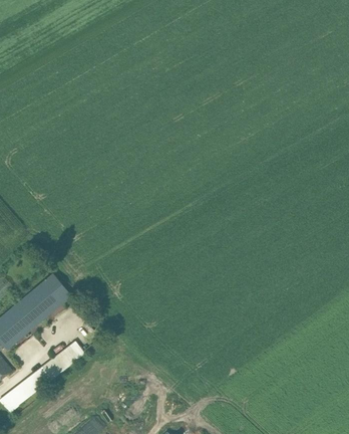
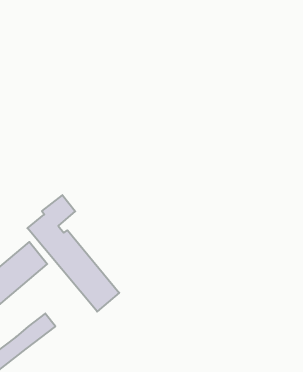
building: none -> [27,195,119,312]

